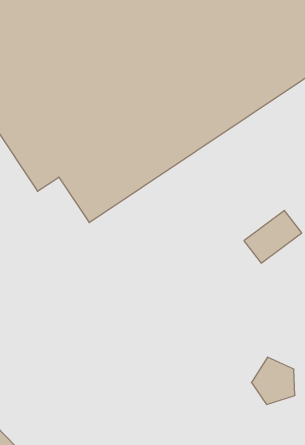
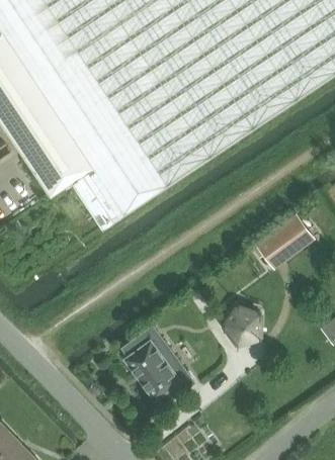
building: none -> [121,323,195,399]
building: [251,357,295,405] -> [220,300,263,348]

